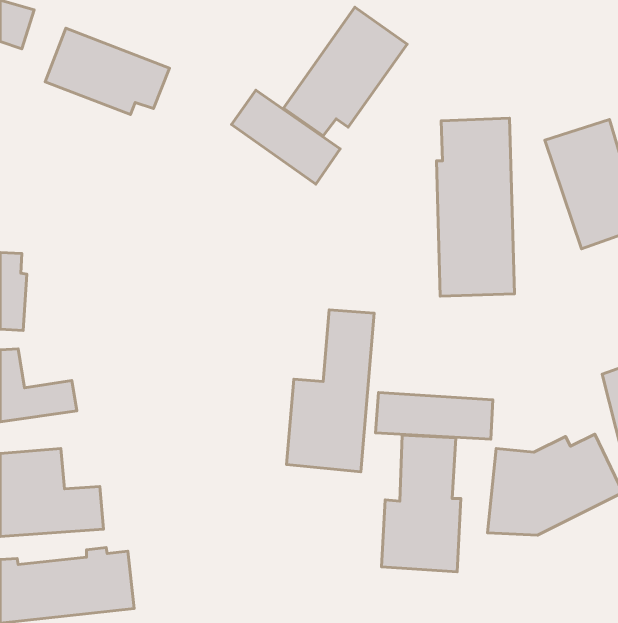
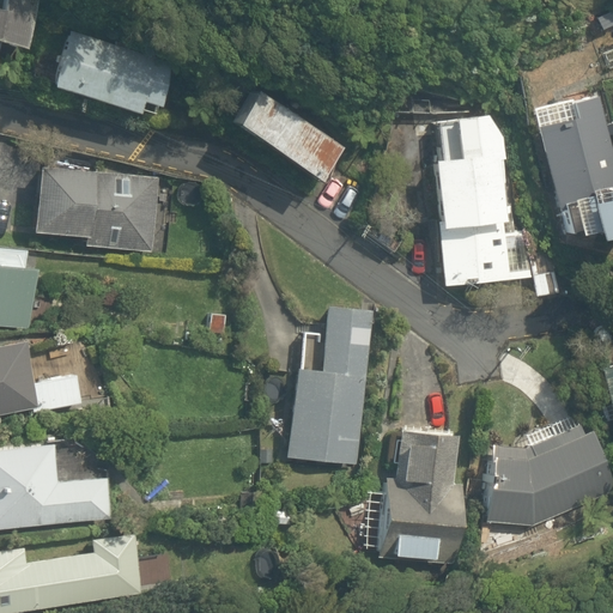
building: [284,7,407,136] -> none
building: none -> [31,170,159,250]
building: [376,393,493,439] -> none

